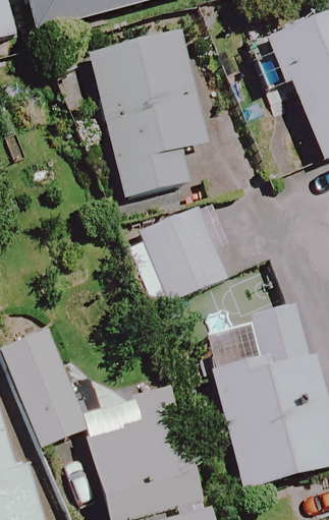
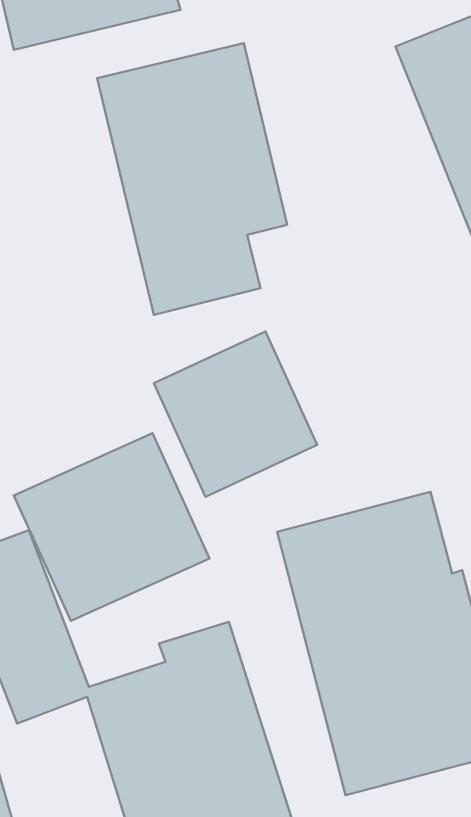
building: none -> [14,433,210,621]

